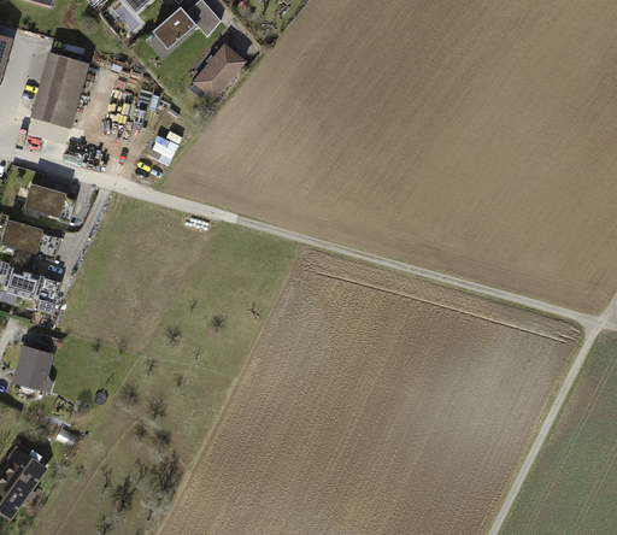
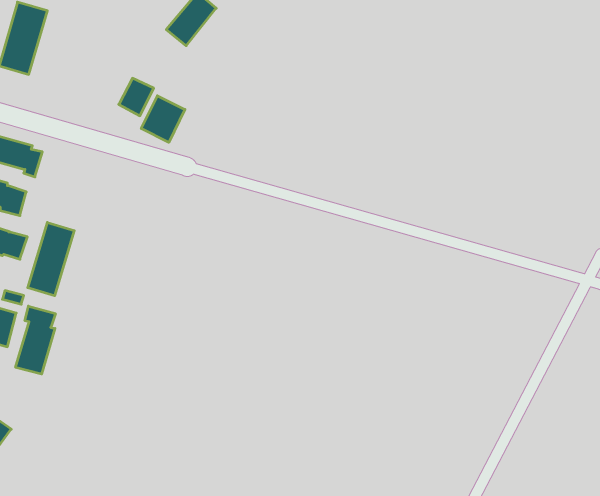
building: none -> [141,96,185,142]
building: none -> [28,222,74,296]
building: none -> [16,306,55,374]

